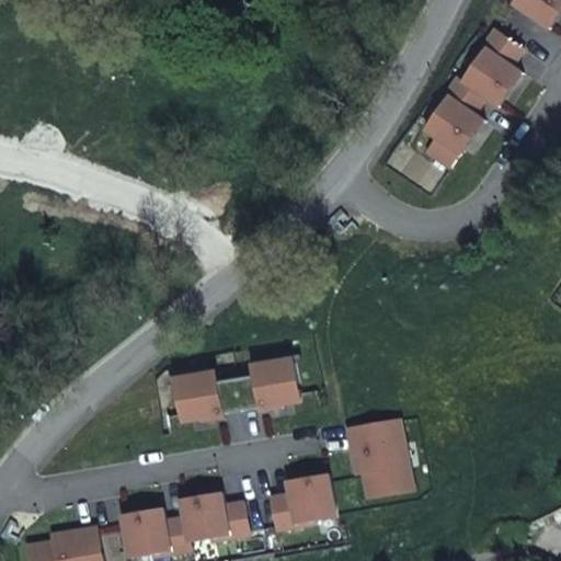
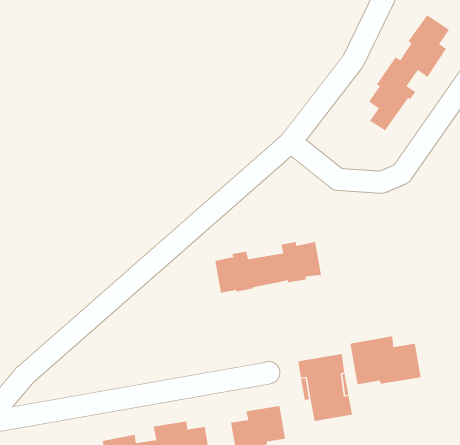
building: [175,360,298,420] -> [214,242,322,293]
building: none -> [350,336,421,385]

